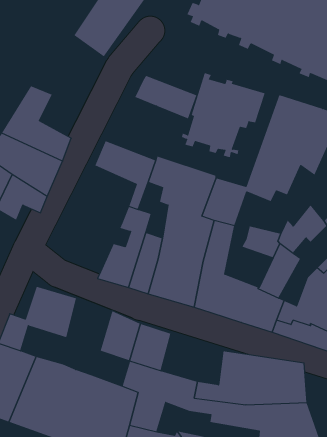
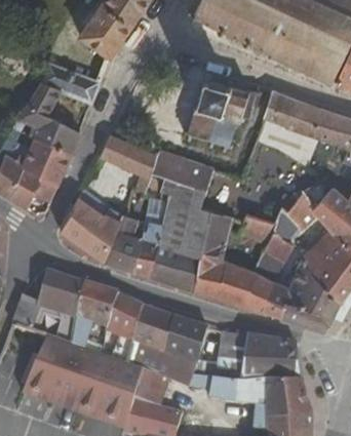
building: [135,75,197,119] -> [42,63,101,104]
building: none -> [60,191,133,264]
building: none -> [73,282,118,349]
building: none -> [164,315,206,360]

